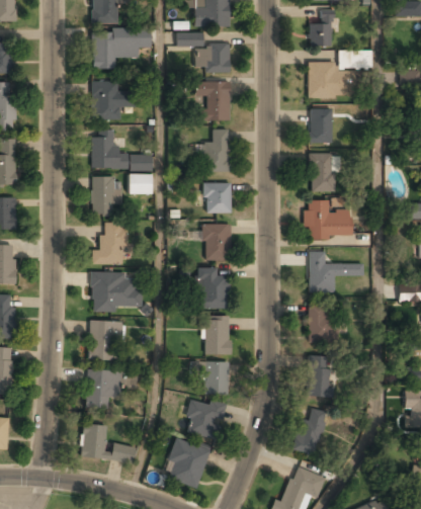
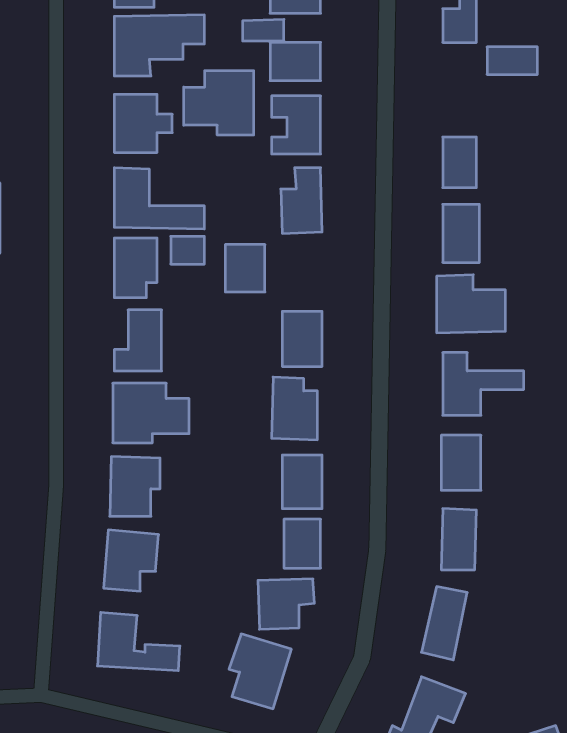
building: [308,62,344,94] -> none
building: none -> [184,71,254,135]
building: [204,182,231,214] -> [225,245,265,292]

